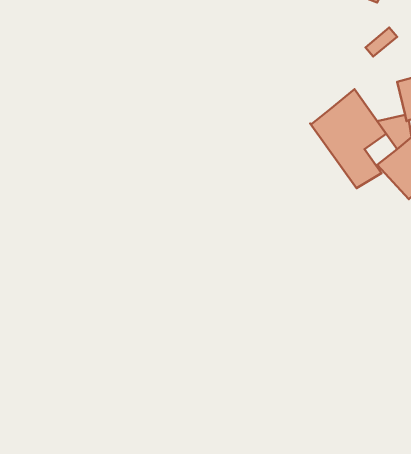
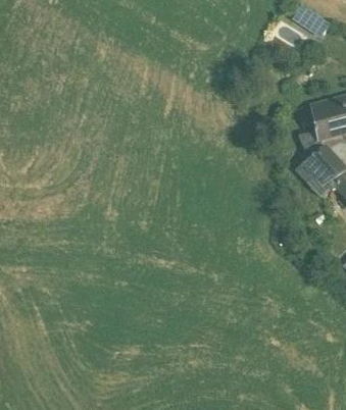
building: [310,89,386,188] -> none

